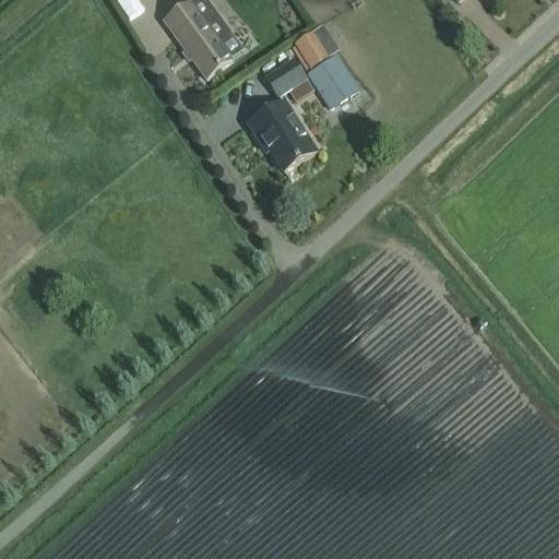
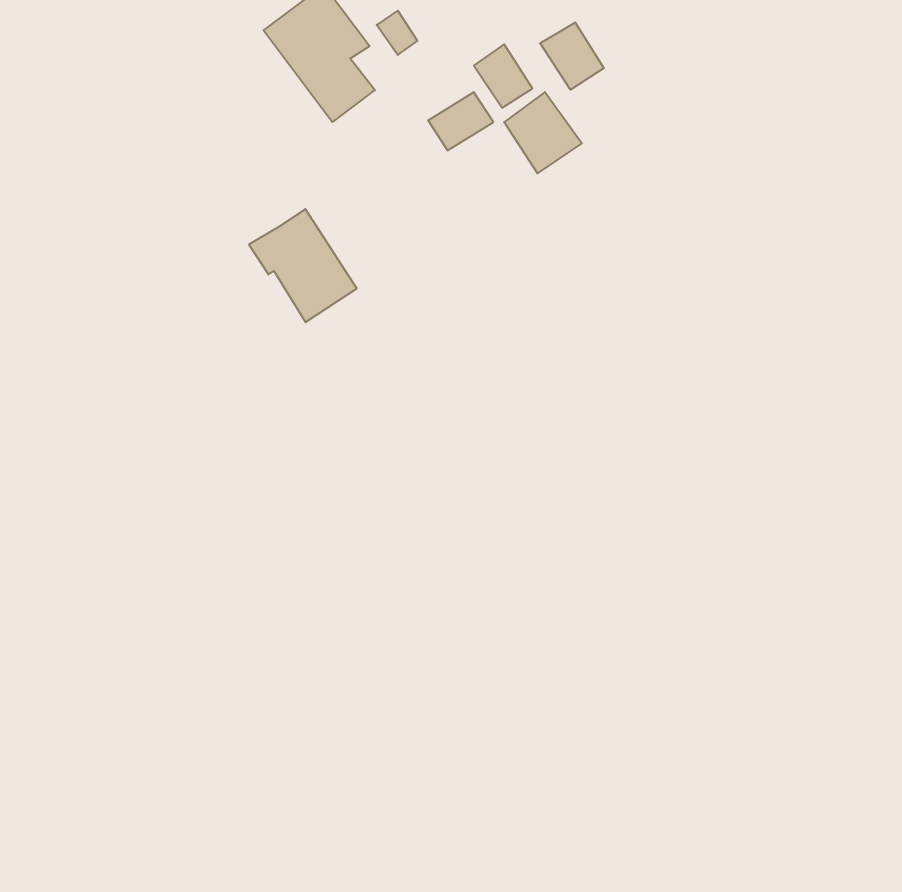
building: none -> [540,22,604,90]
building: [248,99,314,169] -> [249,209,357,322]

